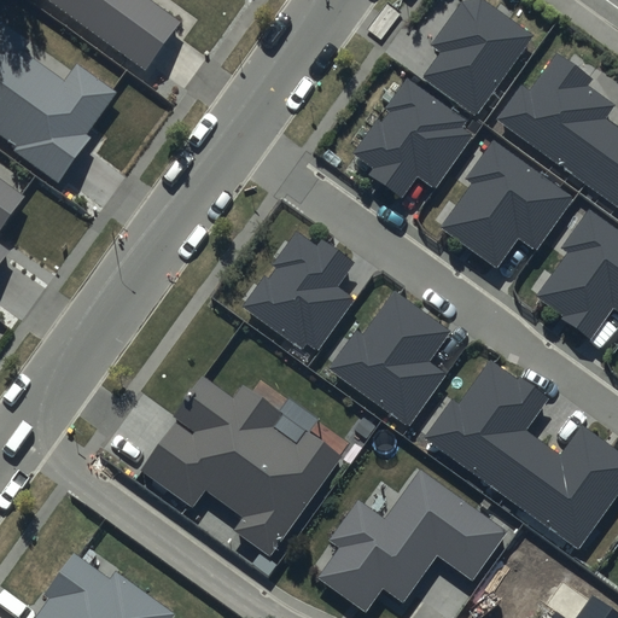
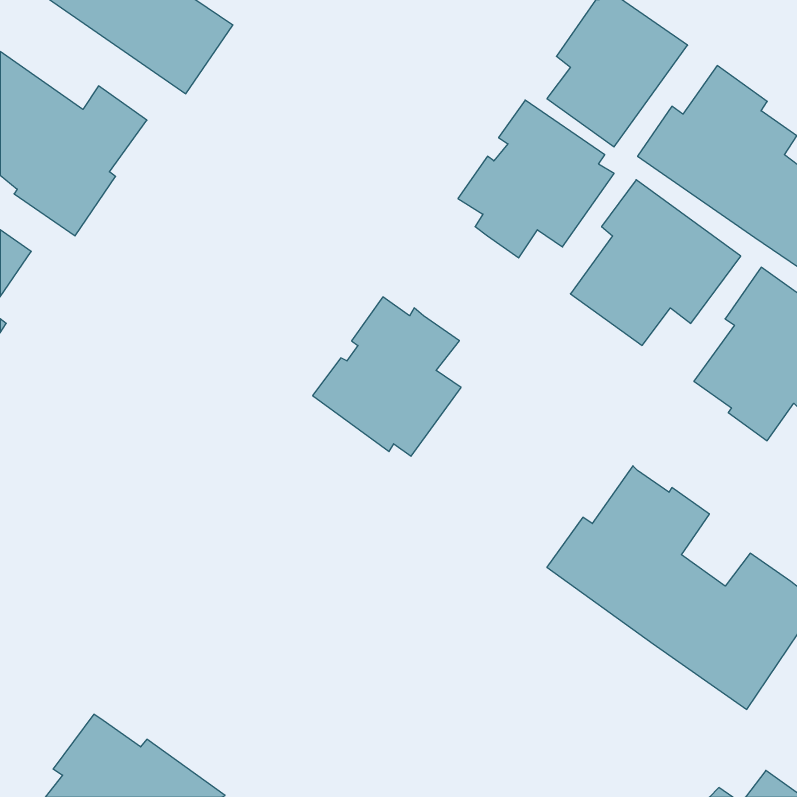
building: [328,292,449,425] -> none
building: [144,375,339,555] -> none
building: [320,467,507,608] -> none

